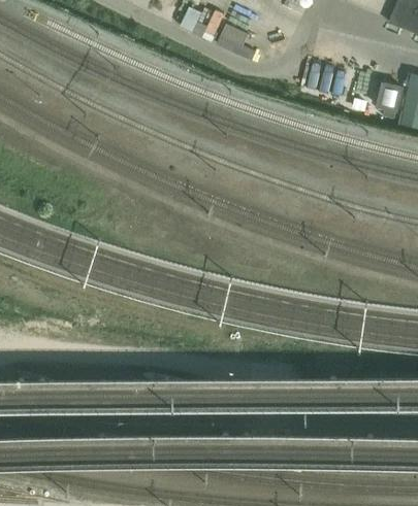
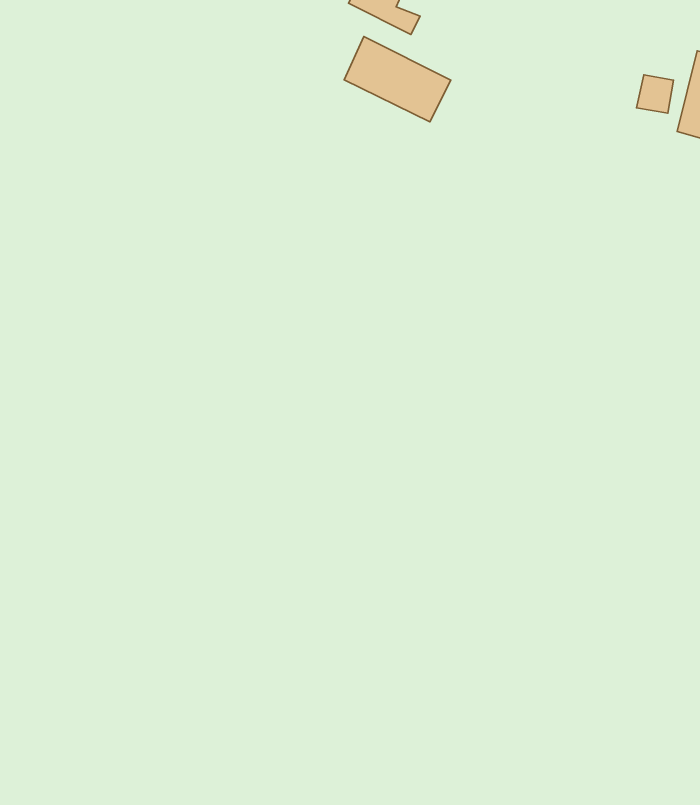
building: none -> [344,37,451,122]

